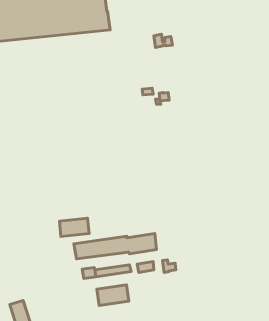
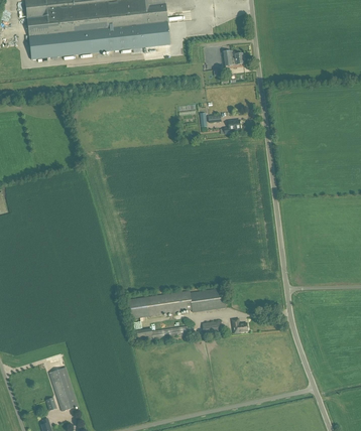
building: [59,218,89,236] -> none
building: [97,285,129,305] -> none

